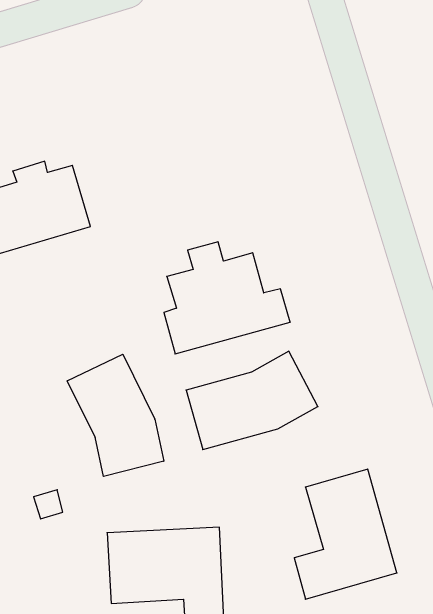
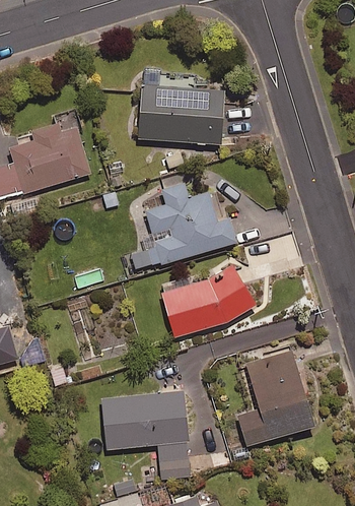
building: none -> [139,76,225,144]
building: [67,354,164,476] -> none

